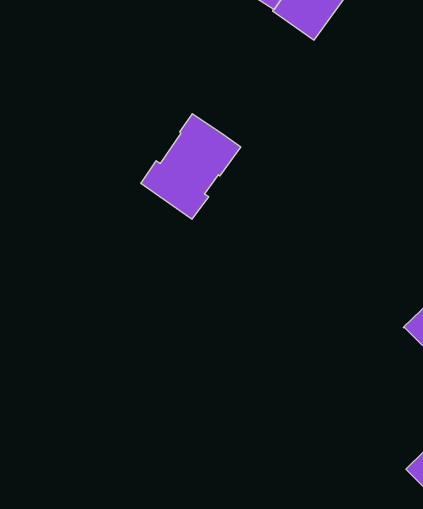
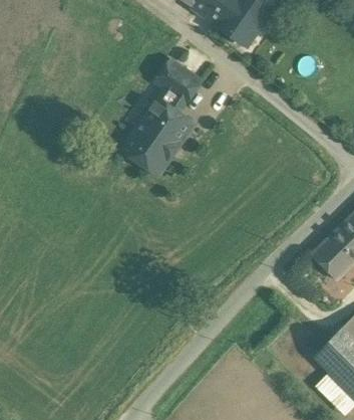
building: none -> [156,60,202,114]

